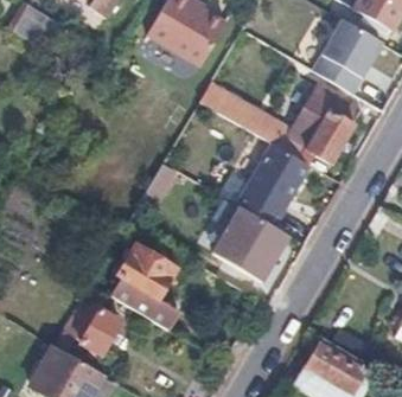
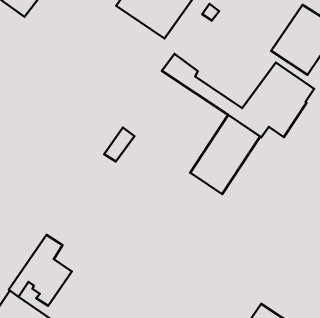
building: [213,207,288,281] -> none
building: [115,243,178,327] -> none

